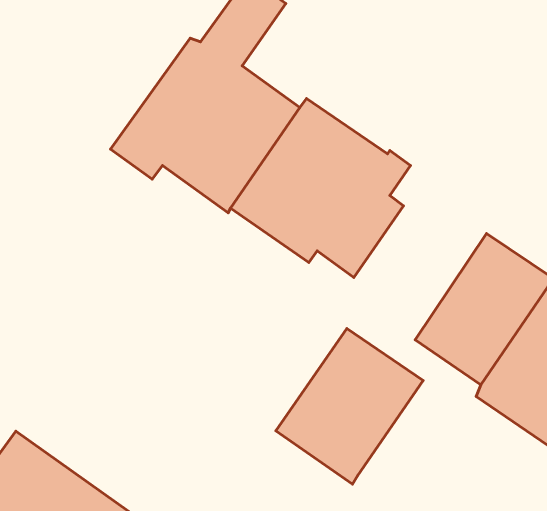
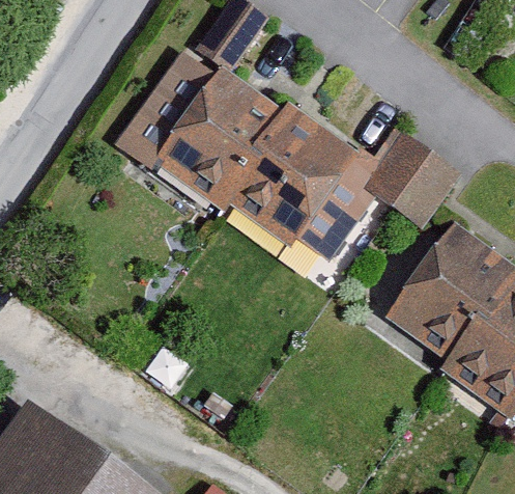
building: none -> [364,134,461,230]
building: [276,328,423,484] -> none

